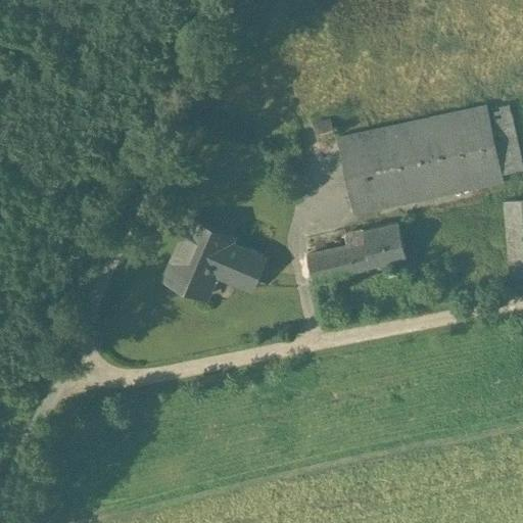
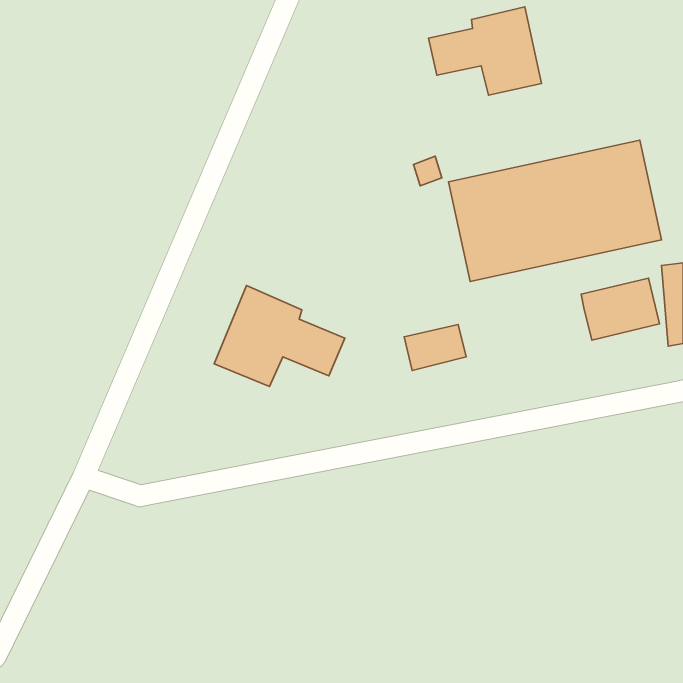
building: none -> [428,7,542,95]
building: [345,224,405,271] -> [581,278,659,340]

